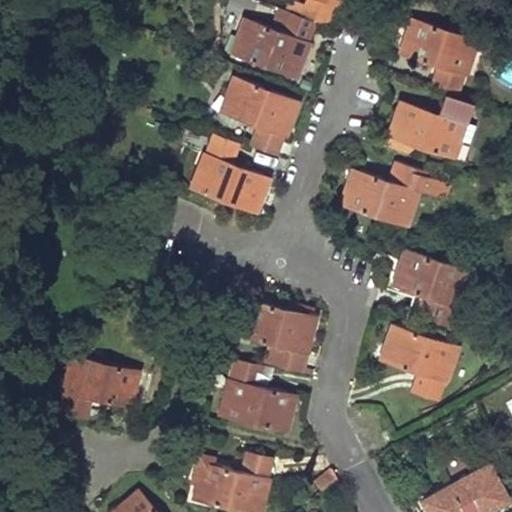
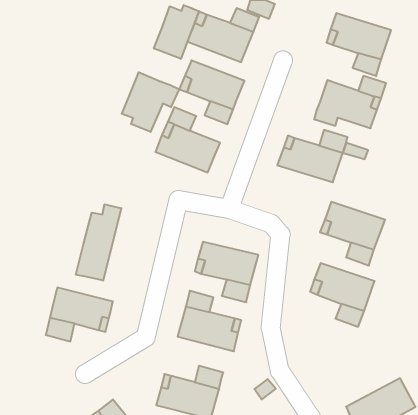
building: none -> [154,5,199,59]
building: none -> [122,72,179,132]
building: none -> [76,204,121,281]

